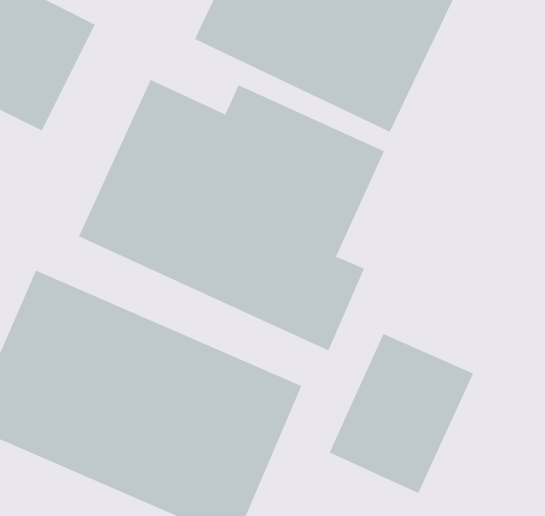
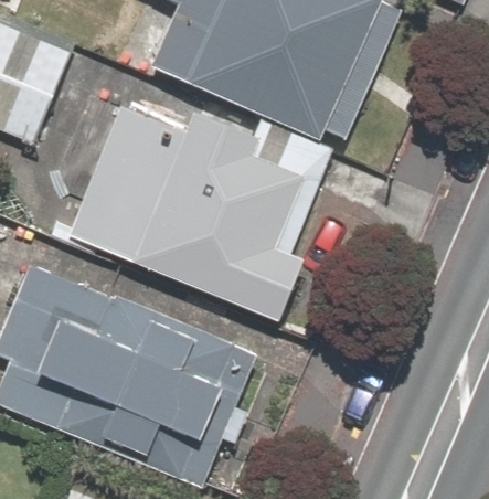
building: [329,333,474,494] -> none

